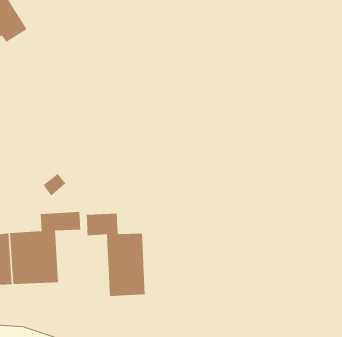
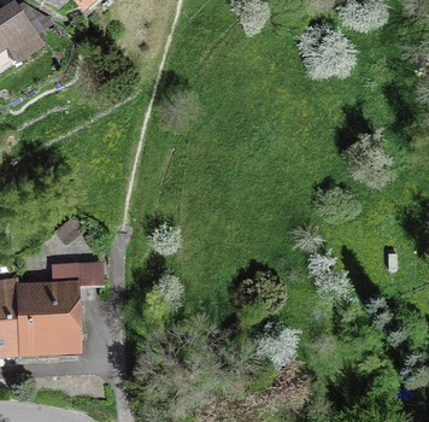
building: [86,213,145,297] -> none

